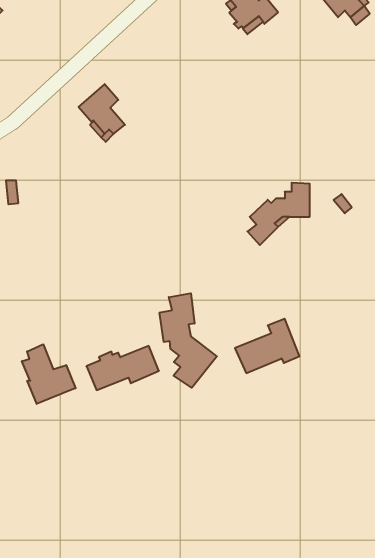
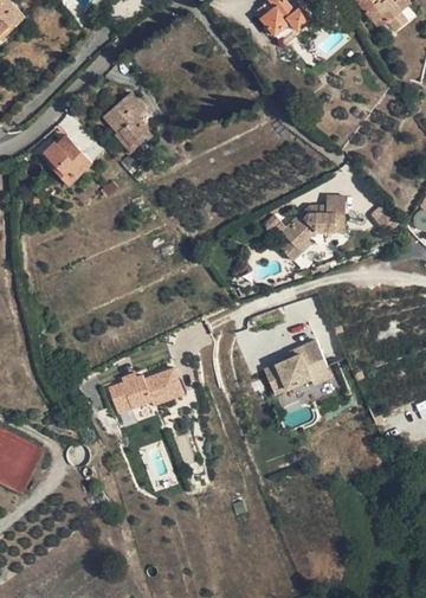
building: none -> [41,135,91,185]
building: [160,293,217,388] -> none
building: [22,344,76,404] -> none

